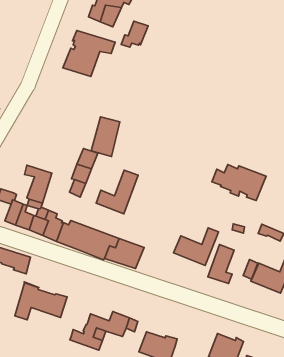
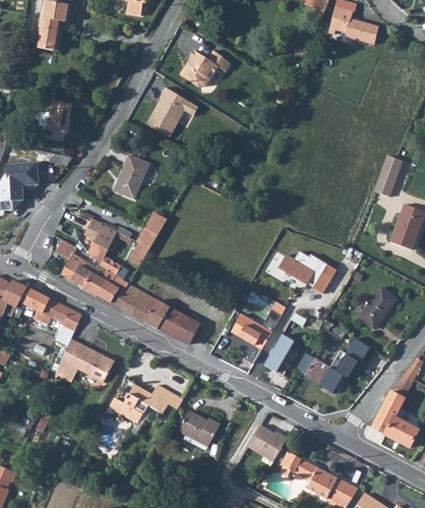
building: [121,21,148,47] -> none
building: [91,117,120,157] -> [113,157,147,200]
building: [96,170,138,214] -> none

